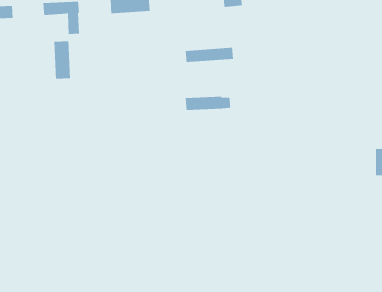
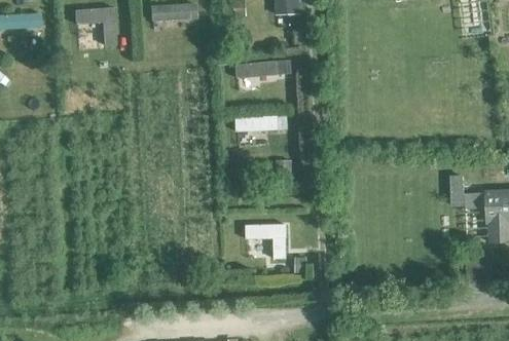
building: [54,40,71,80] -> none
building: none -> [245,225,286,260]

